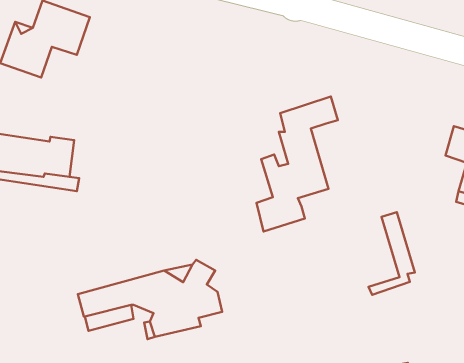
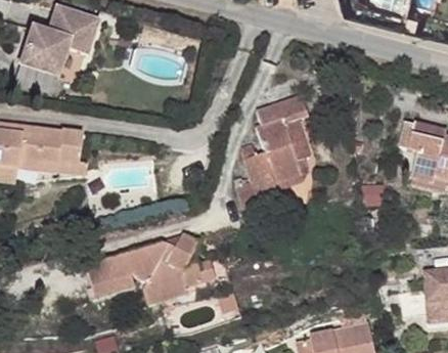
building: [369,212,415,295] -> [274,118,314,189]

